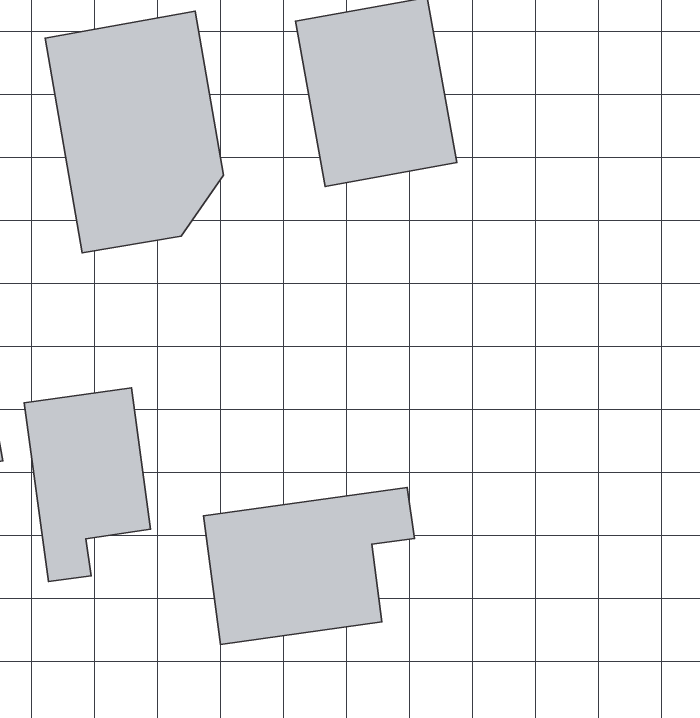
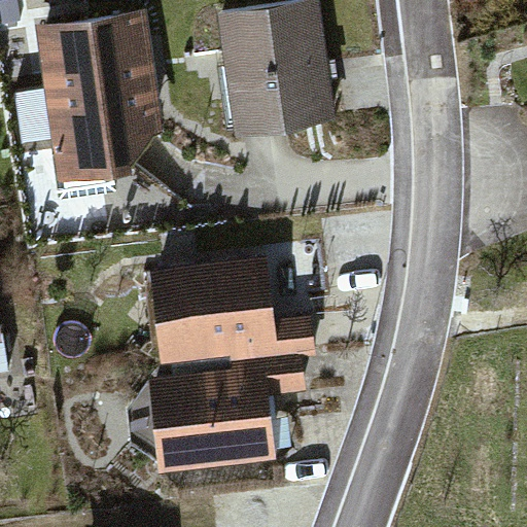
building: none -> [154,250,309,364]
building: [24,388,151,582] -> none

